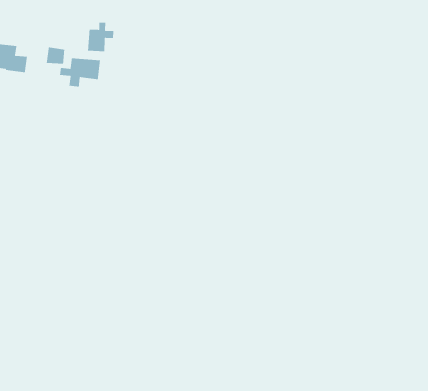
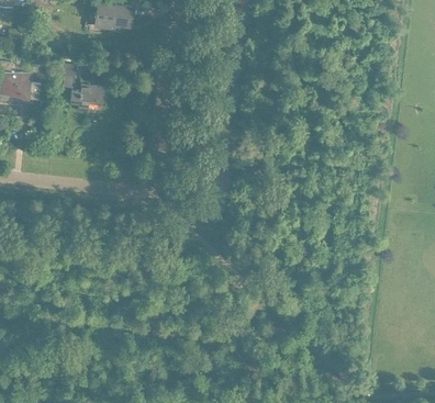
building: [87,22,114,52] -> none

